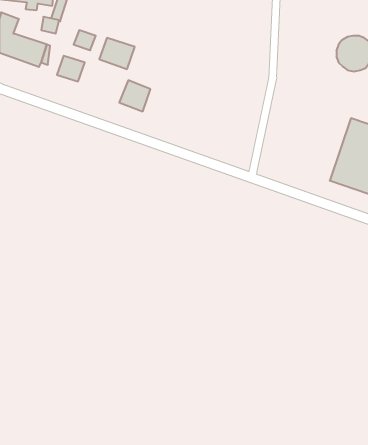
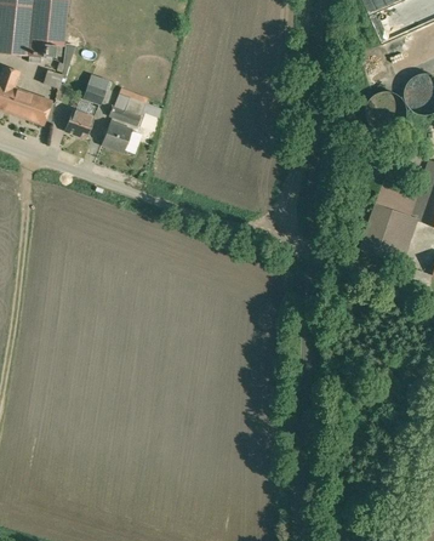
building: [119,80,150,111] -> [99,119,133,153]

